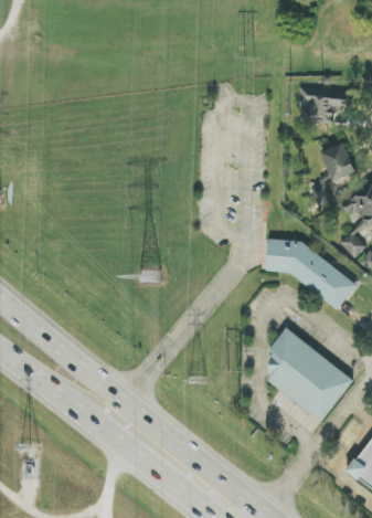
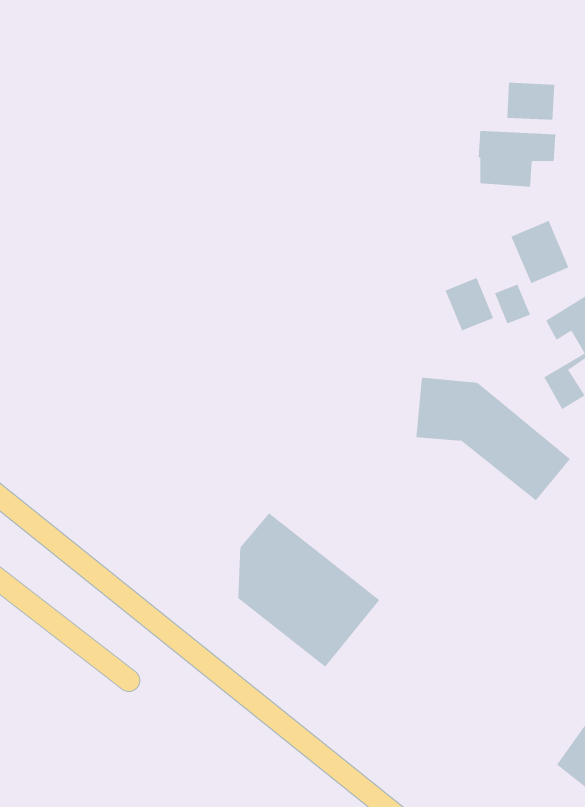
building: none -> [507,82,555,121]
building: none -> [445,277,494,331]
building: [268,328,354,422] -> [238,512,380,668]

